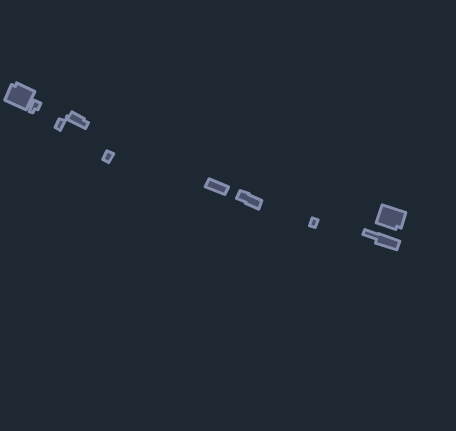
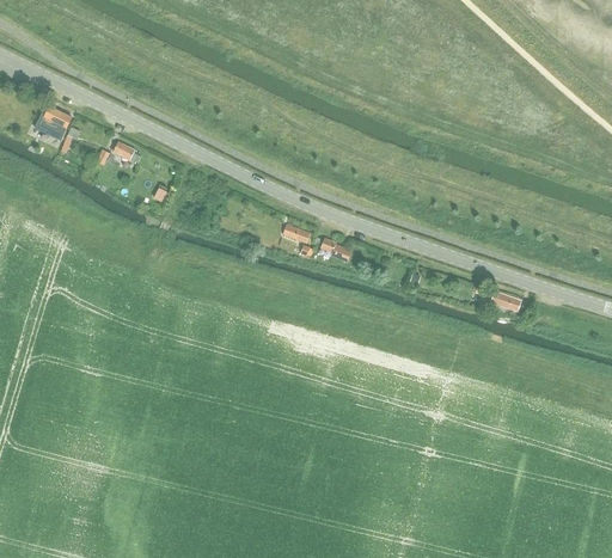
building: [376,205,406,229] -> none

